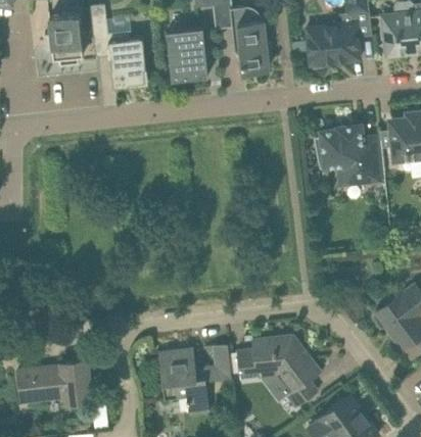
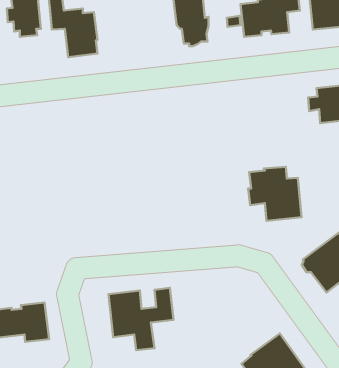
building: [167,29,206,81] -> none
building: [319,126,378,186] -> [248,167,301,221]
building: [235,337,320,408] -> none

